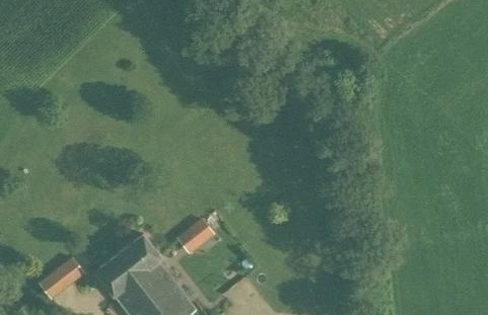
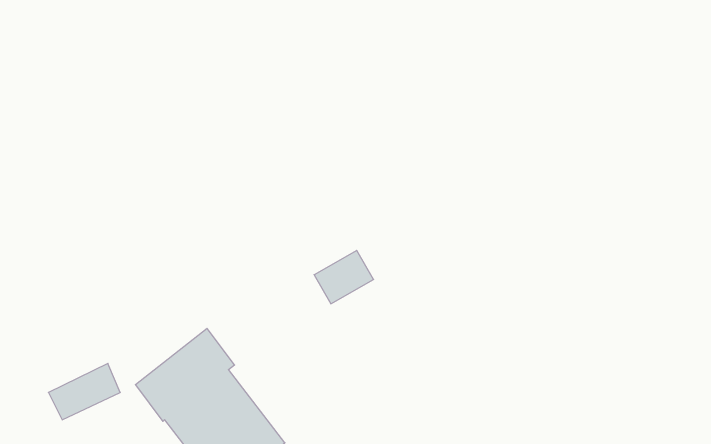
building: [176,217,215,252] -> [314,250,374,304]

